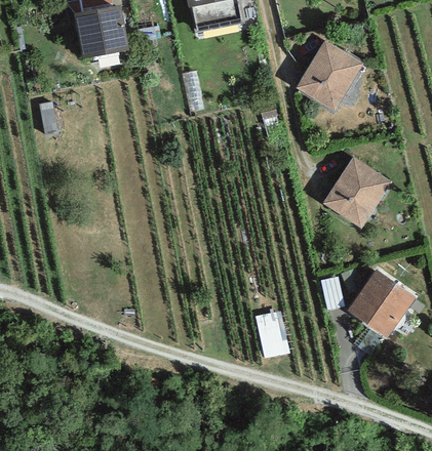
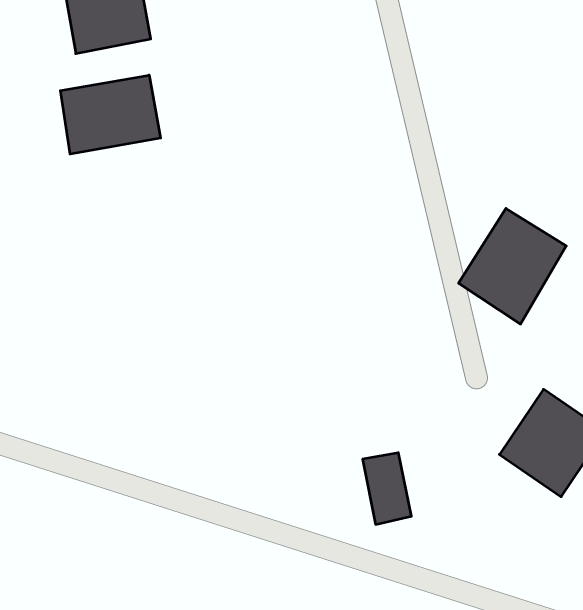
building: [296,39,363,111] -> none
building: none -> [60,75,161,154]

